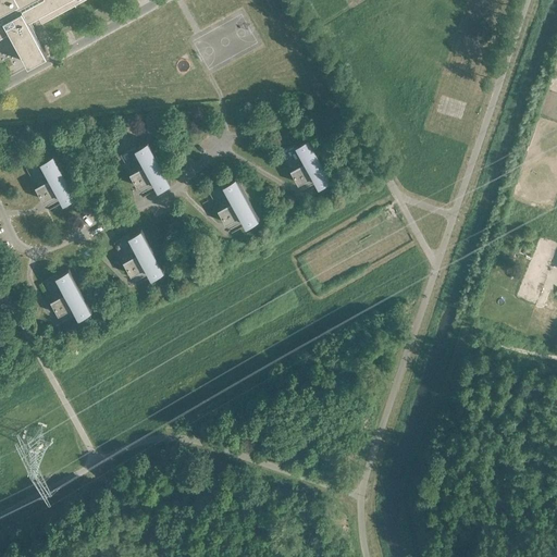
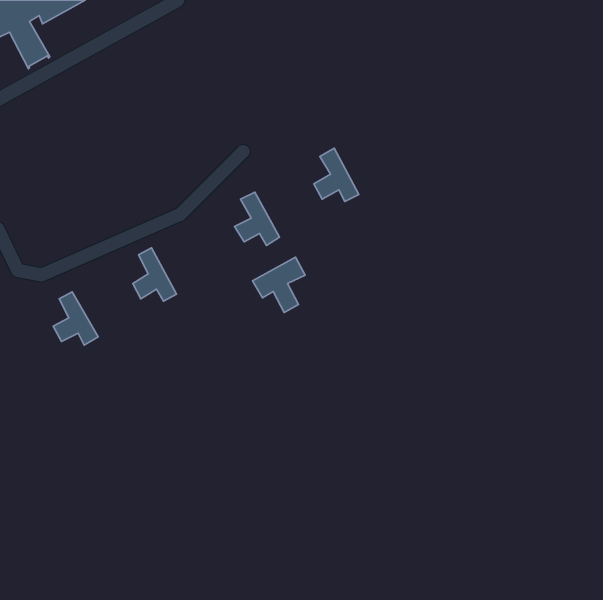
building: [128,145,169,194] -> none
building: [34,159,74,207] -> none
building: none -> [253,257,305,313]

